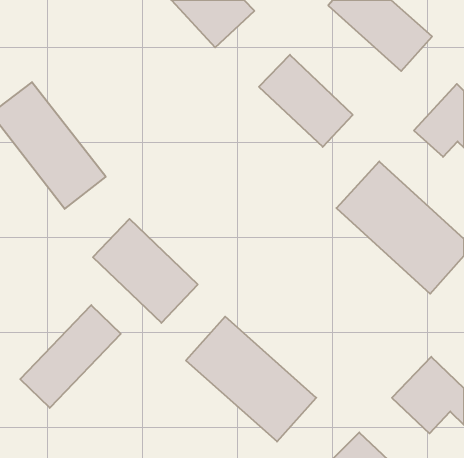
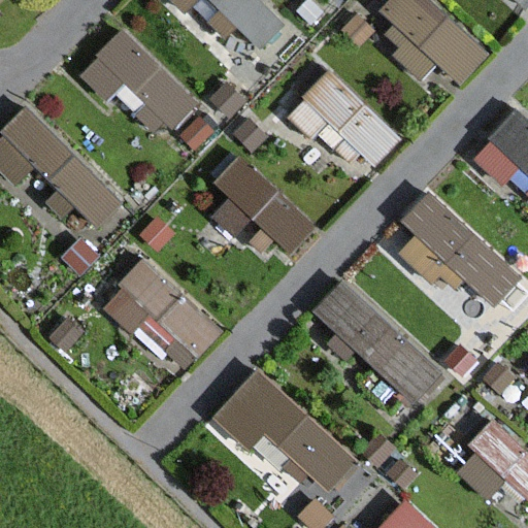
building: none -> [79,26,202,145]
building: none -> [209,163,316,261]
building: none -> [301,279,450,407]
building: [20,305,121,408] -> none

